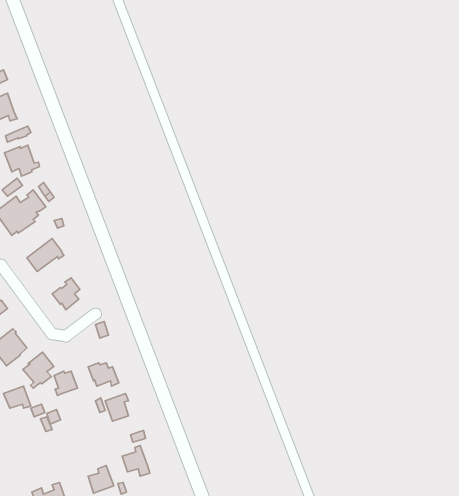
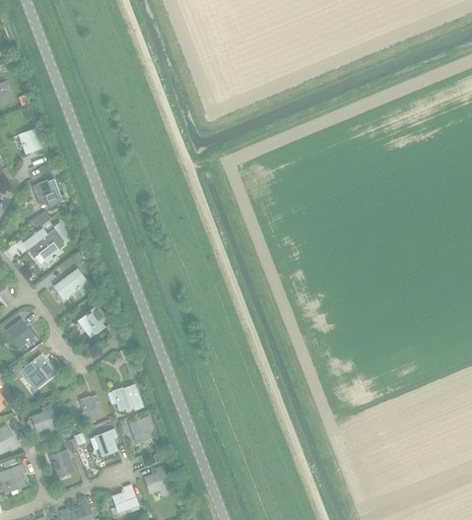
building: [23,352,54,388] -> none
building: none -> [88,429,116,455]
building: none -> [49,449,73,476]

